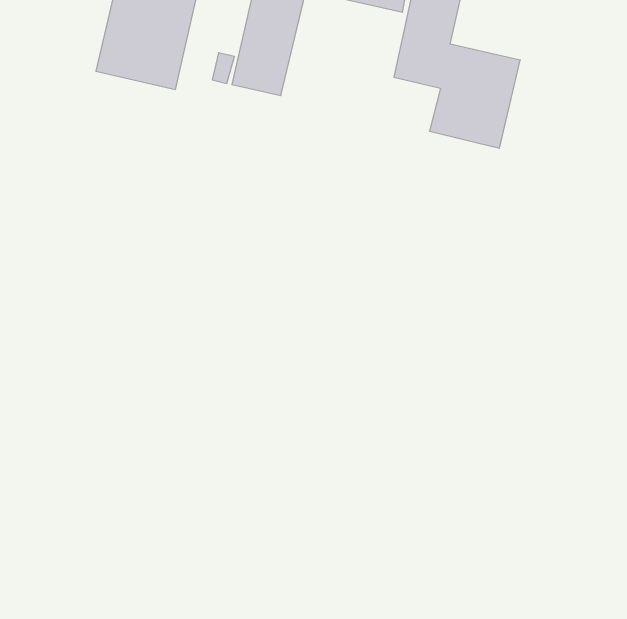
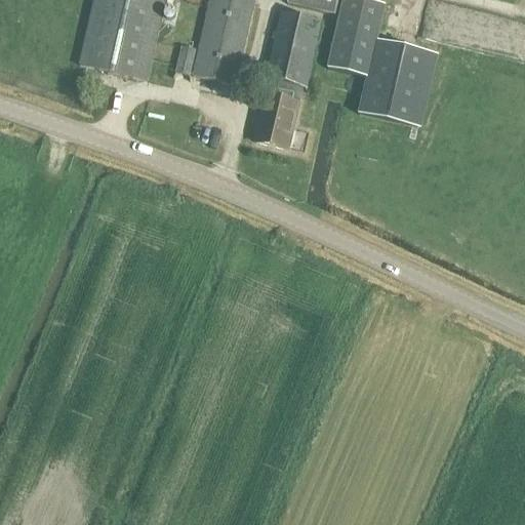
building: none -> [255,8,322,146]

